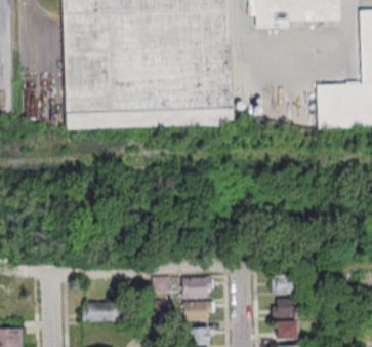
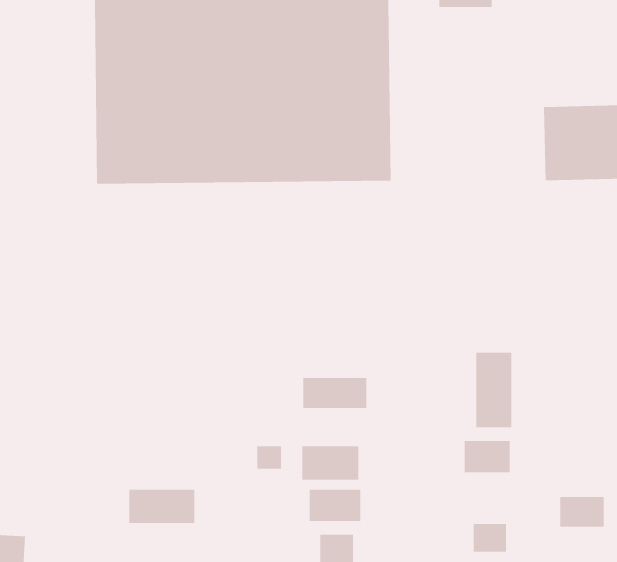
building: none -> [476,352,512,428]
building: none -> [303,377,367,409]
building: [273,299,298,316] -> [559,496,604,527]

